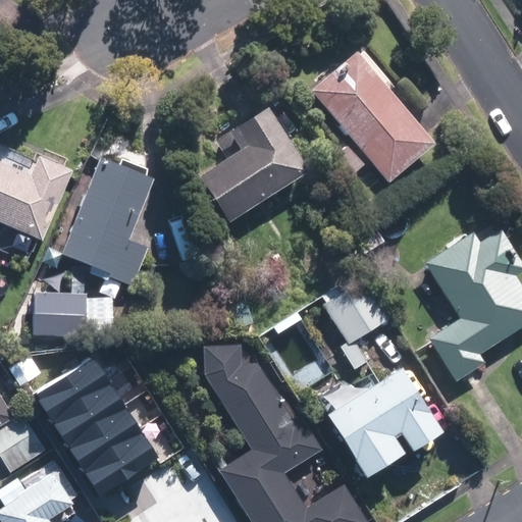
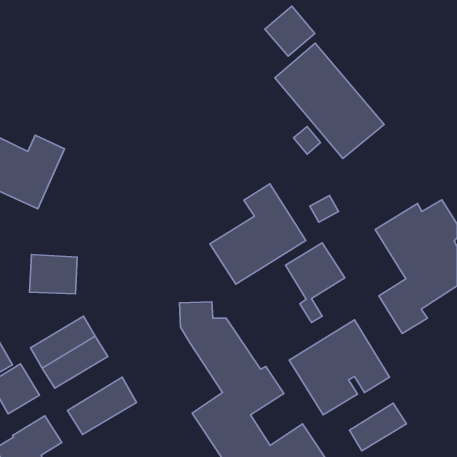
building: none -> [265,6,315,56]
building: [201,106,310,220] -> [210,184,306,284]
building: [62,156,155,285] -> none
building: [62,406,139,468] -> none
building: none -> [350,403,406,451]

